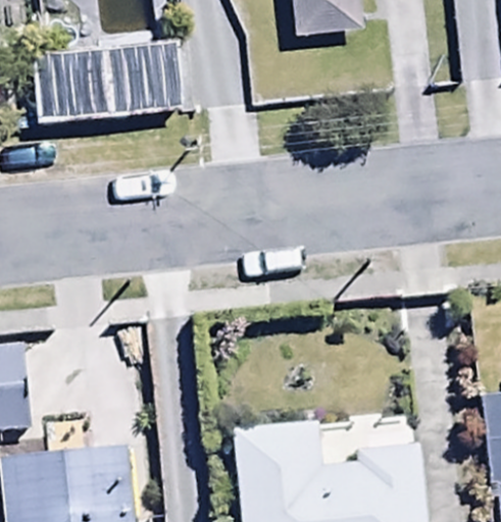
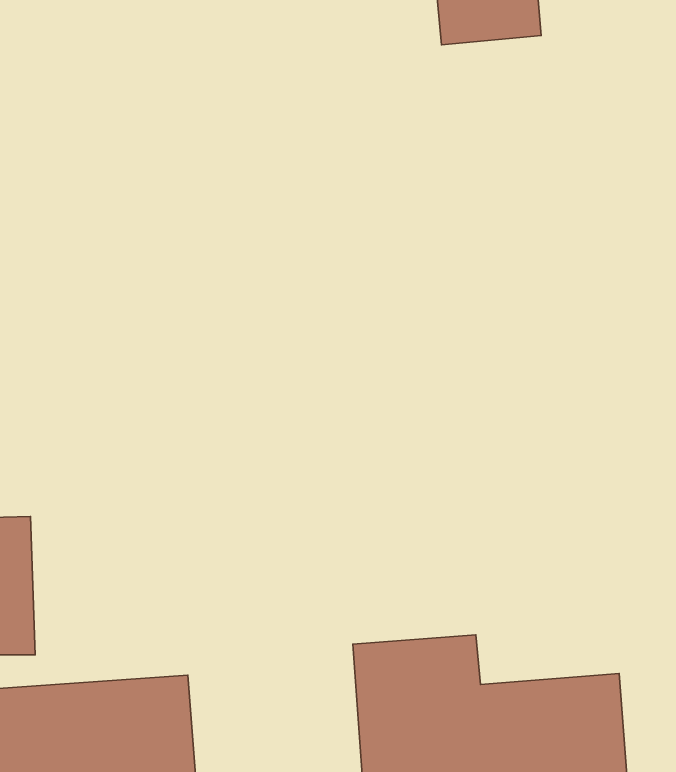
building: [32,42,181,122] -> none

